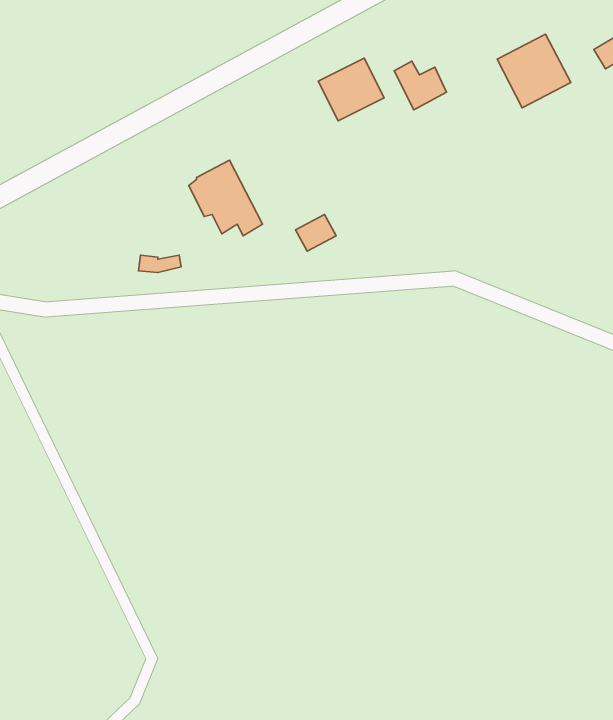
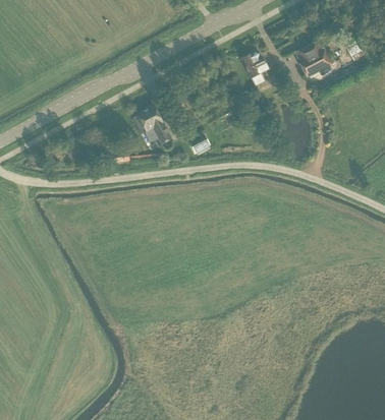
building: [318,58,384,121] -> none

